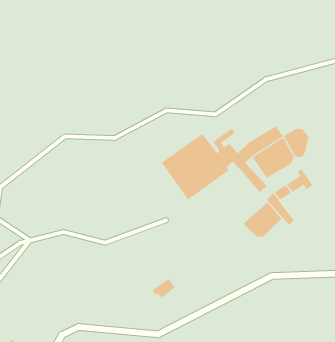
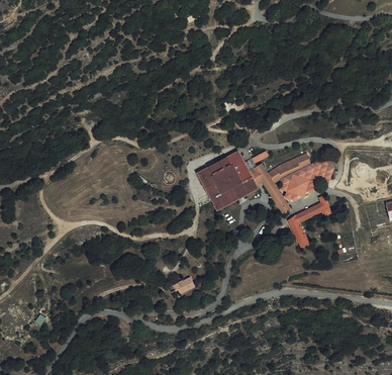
building: [242,202,282,237] -> none

